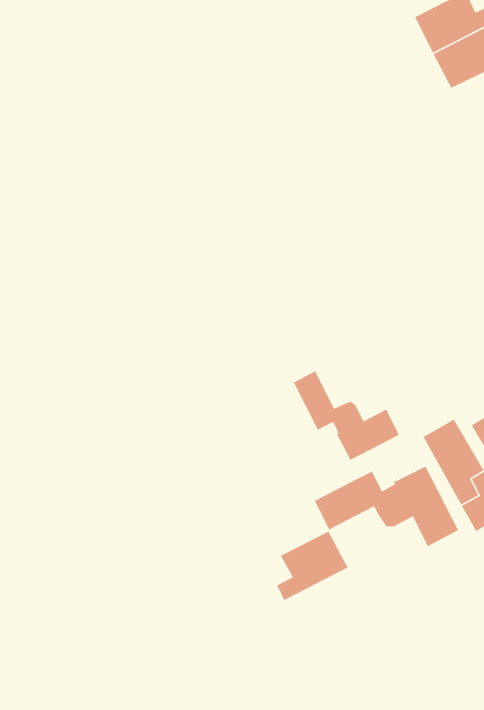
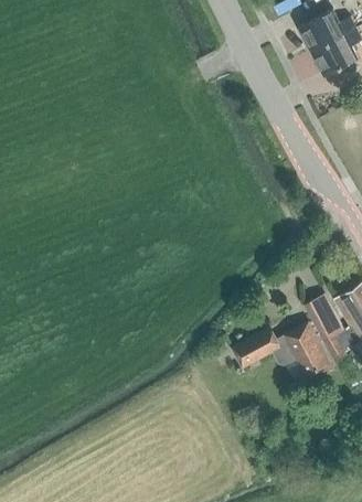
building: [293,370,400,461] -> none
building: [276,531,348,601] -> none

